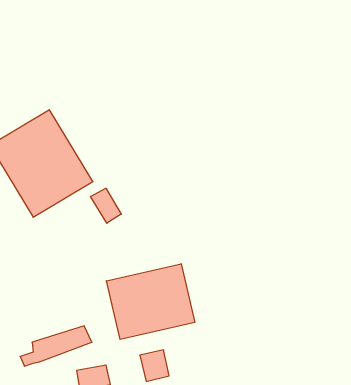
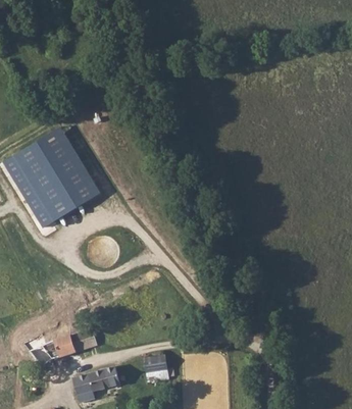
building: [91,188,121,223] -> none
building: [106,264,195,339] -> none

